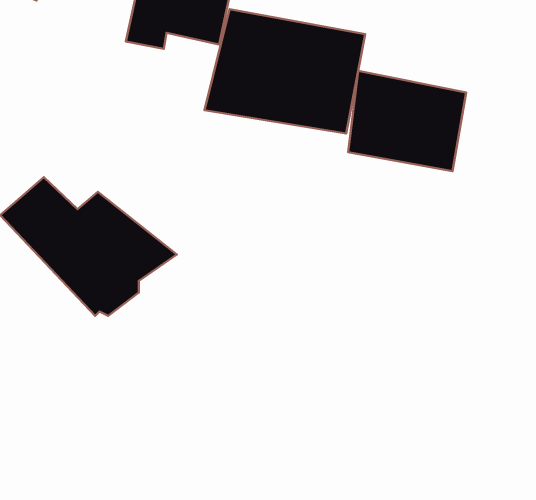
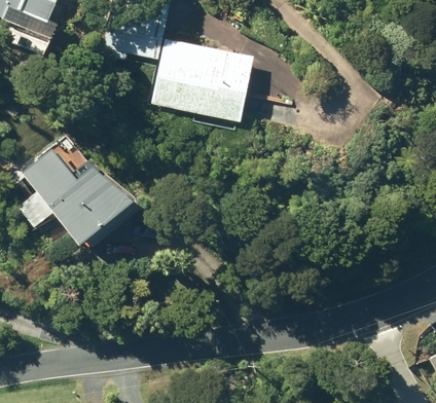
building: [348,71,466,171] -> none

